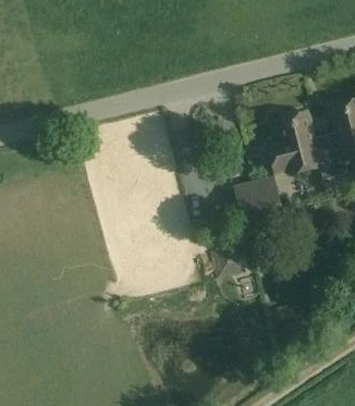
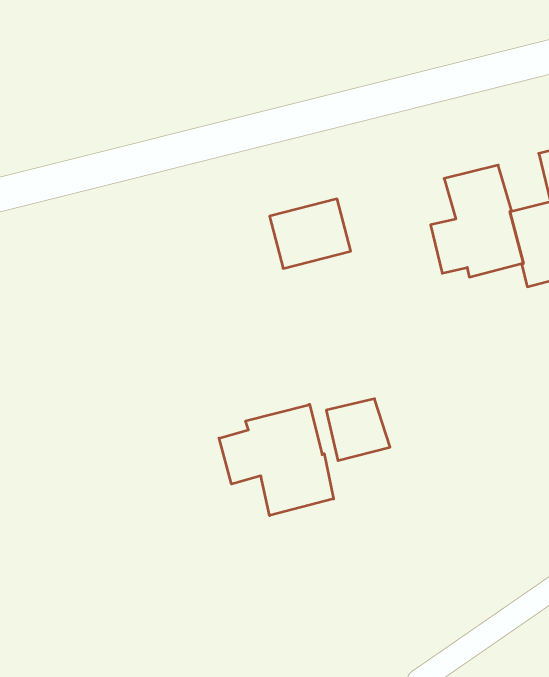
building: [236,177,282,217] -> [270,199,351,268]
building: none -> [219,404,334,516]

